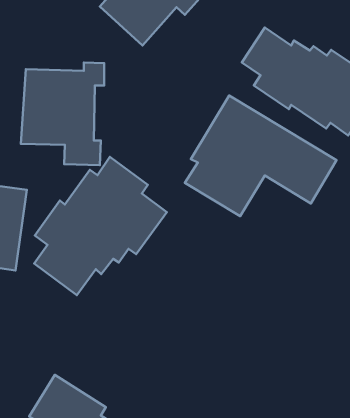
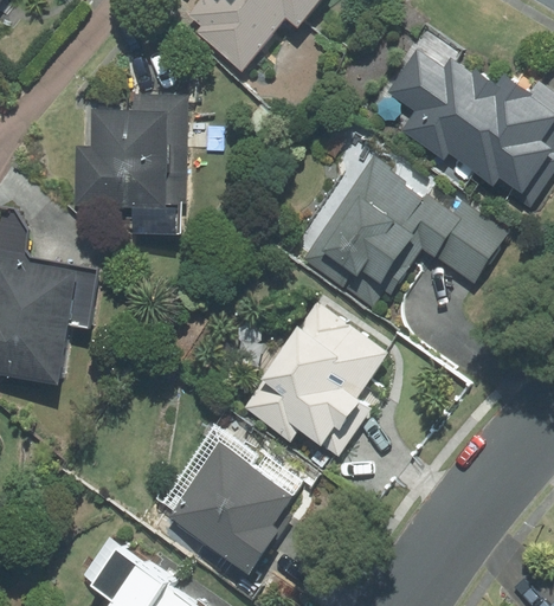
building: [34,157,167,295] -> none
building: none -> [238,298,391,450]
building: none -> [169,444,296,575]

